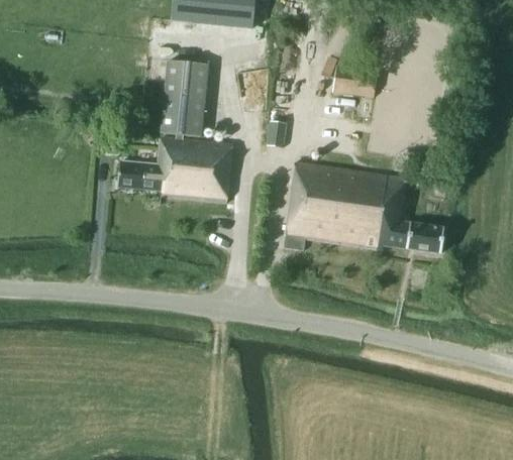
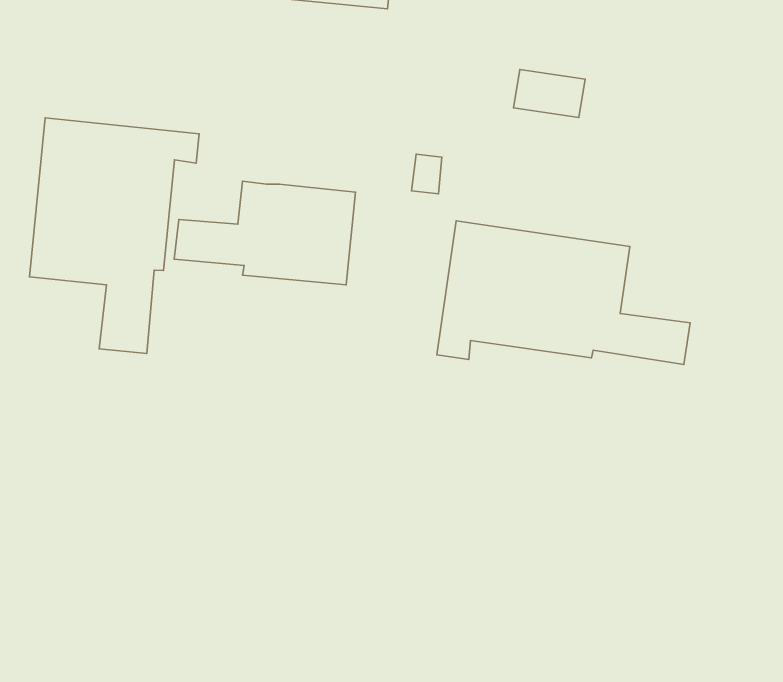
building: [160,60,209,138] -> none
building: none -> [29,118,199,353]

